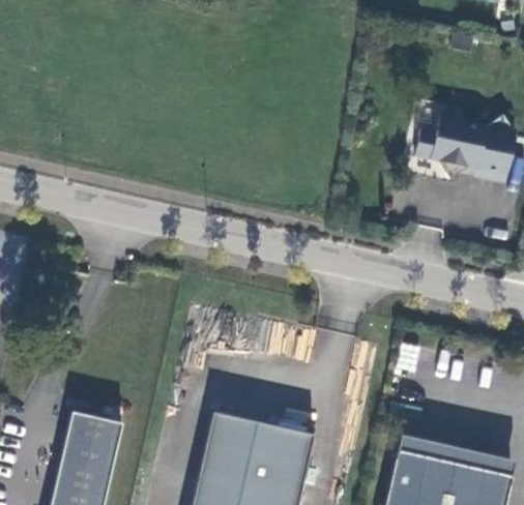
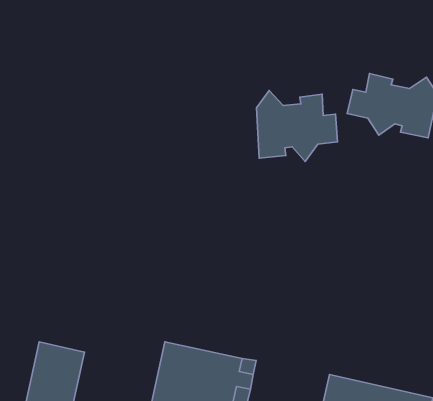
building: none -> [257,91,337,162]

